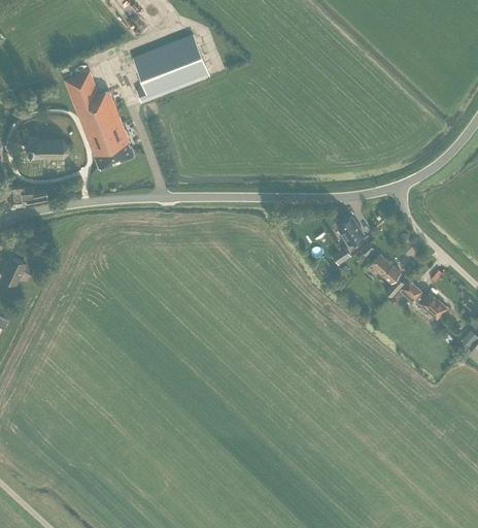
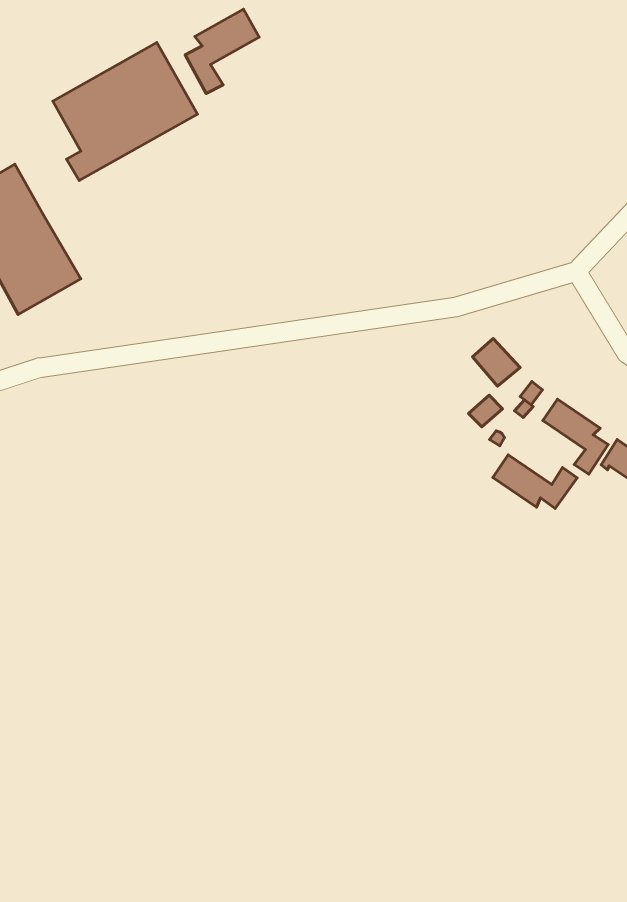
building: none -> [185,9,259,94]
building: none -> [493,455,577,509]

